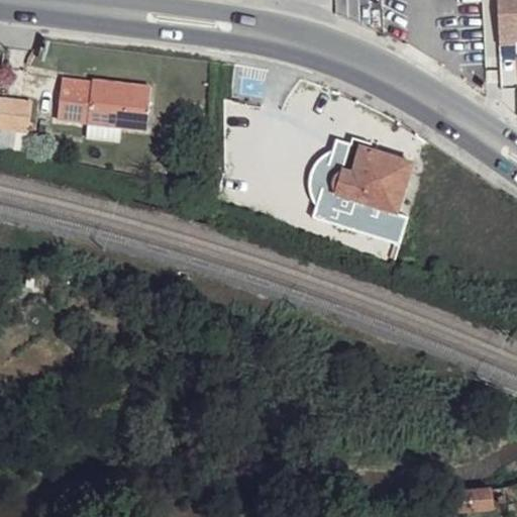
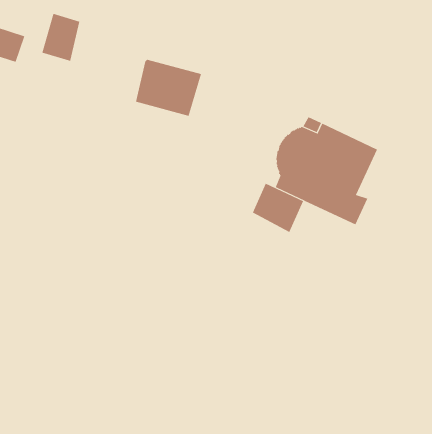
building: [85,77,148,128] -> [135,59,202,116]
building: none -> [252,183,304,233]

